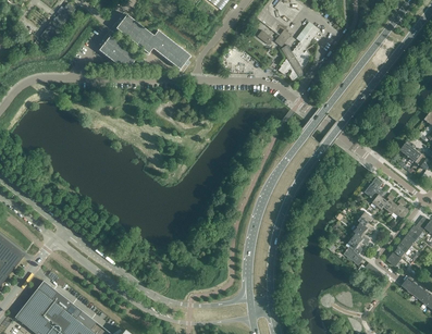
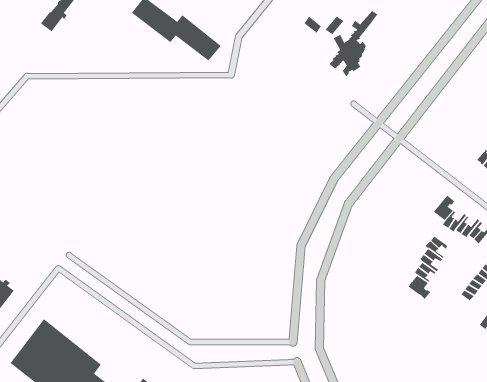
building: [97,36,135,70] -> none

